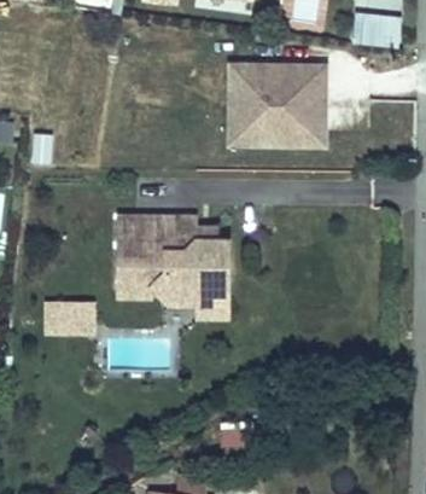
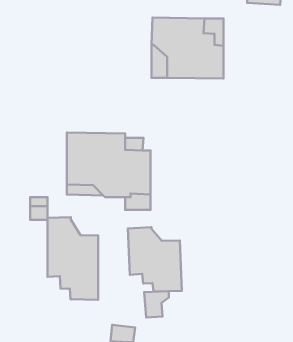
building: none -> [48,217,98,300]
building: none -> [128,227,182,291]

